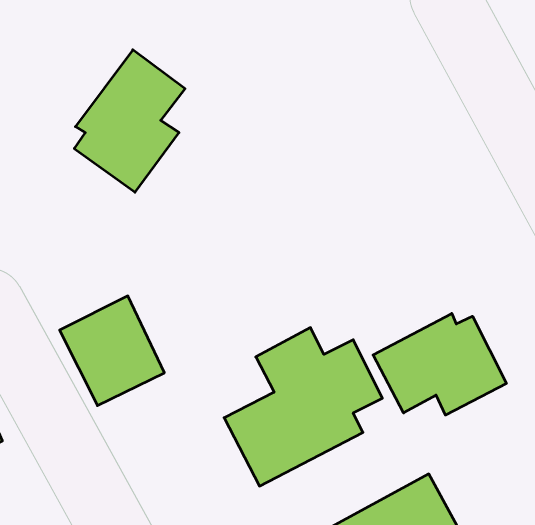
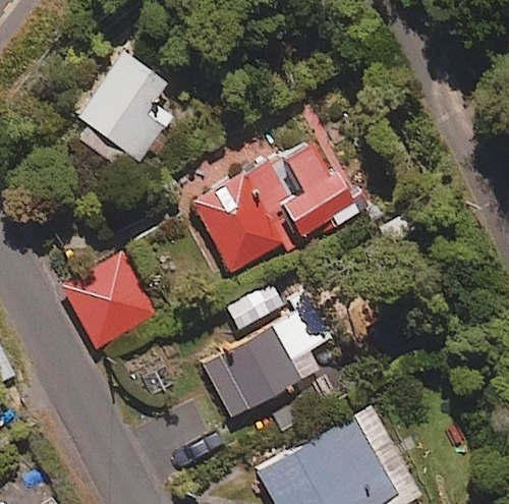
building: none -> [192,138,359,271]
building: [373,313,506,415] -> none

